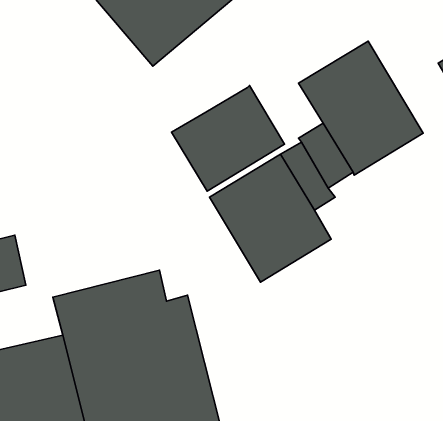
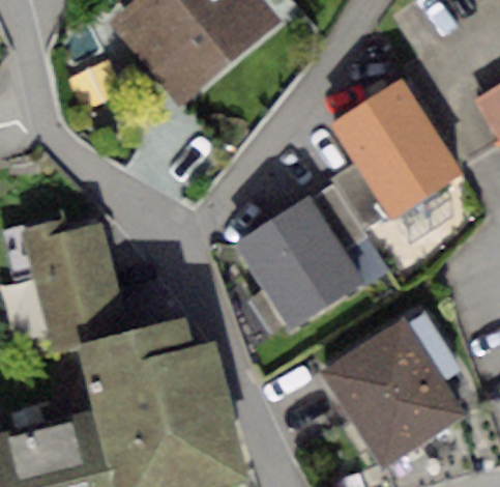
building: [172,86,284,191] -> none
building: none -> [26,210,124,336]
building: none -> [319,320,463,468]

